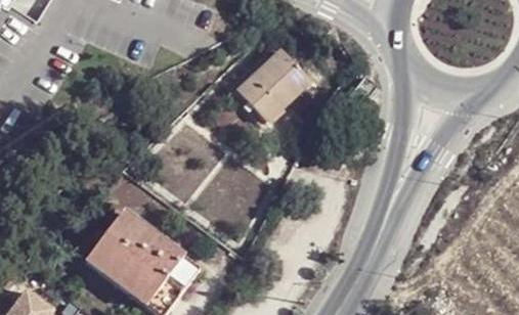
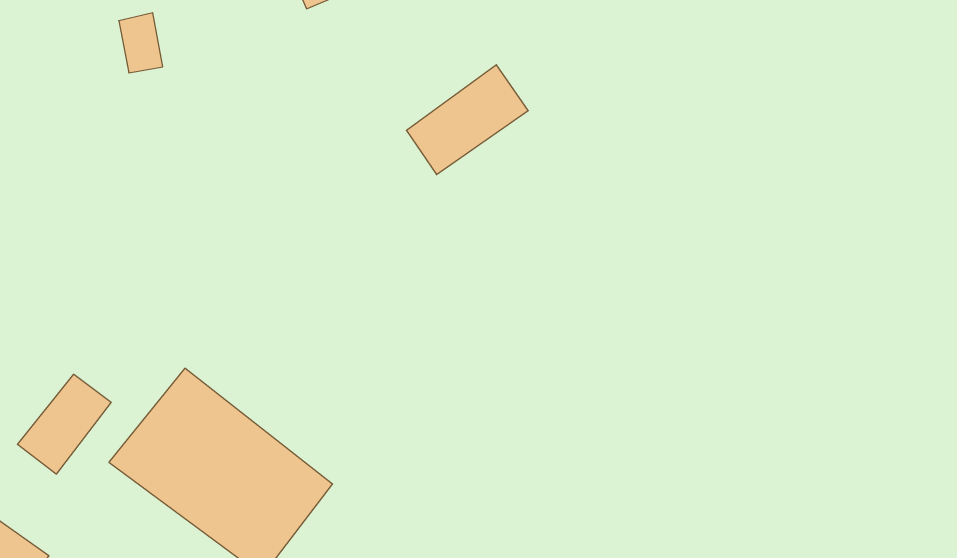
building: none -> [17,374,111,474]

